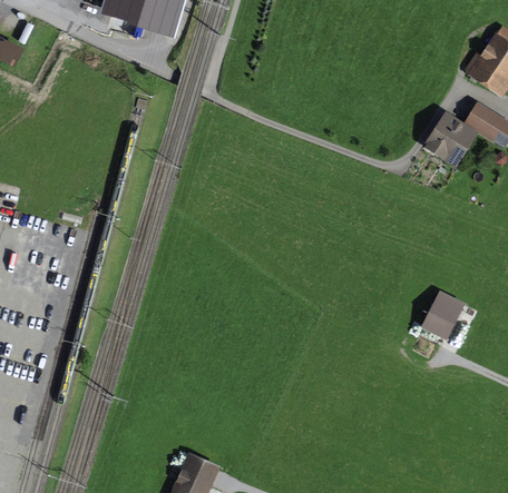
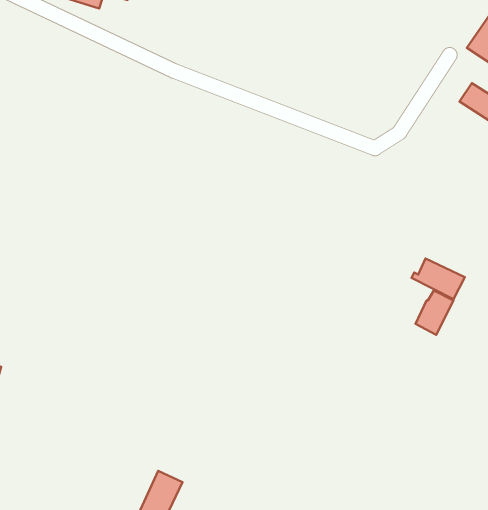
building: [427,116,469,159] -> none
building: none -> [411,258,465,299]

